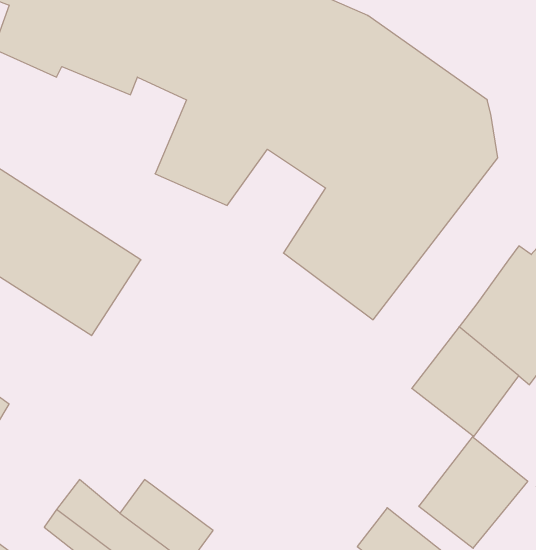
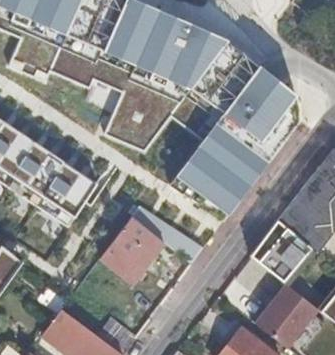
building: none -> [100,214,165,281]

